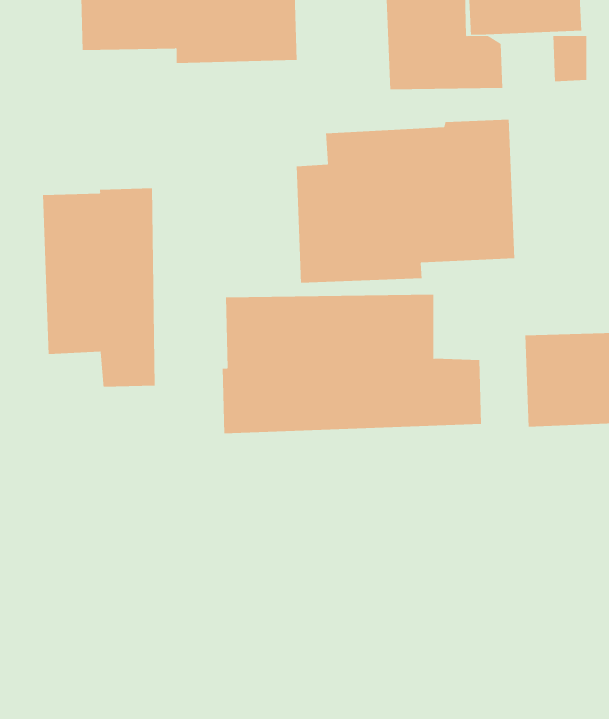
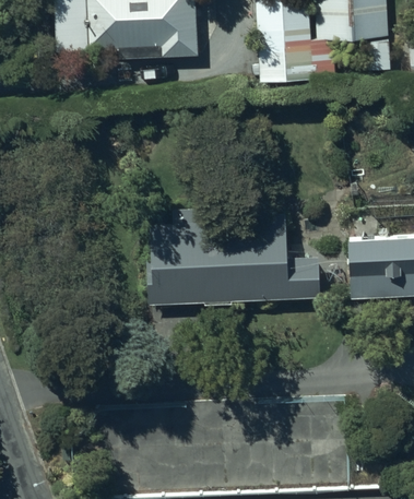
building: [296,119,515,283] -> none
building: [43,188,155,387] -> none

